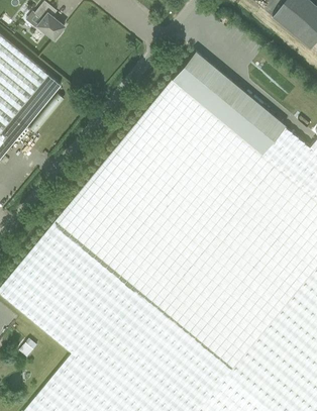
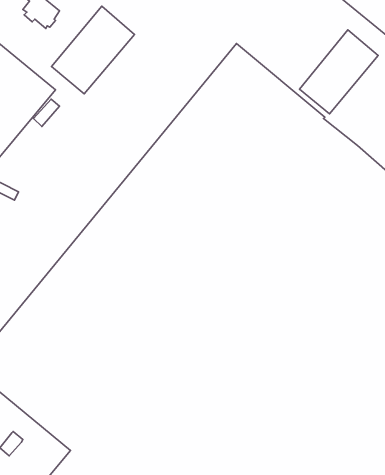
building: none -> [52,6,134,94]
building: none -> [299,30,378,114]

